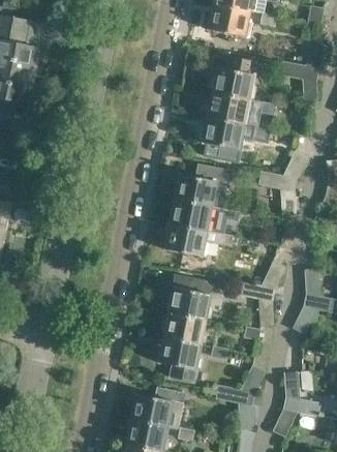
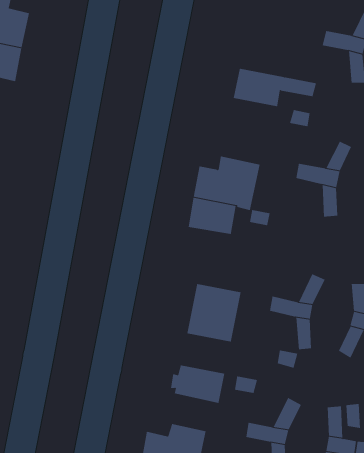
building: [212,55,256,99] -> none
building: [202,117,244,149] -> none
building: [164,223,233,255] -> none
building: [163,311,206,344] -> none

